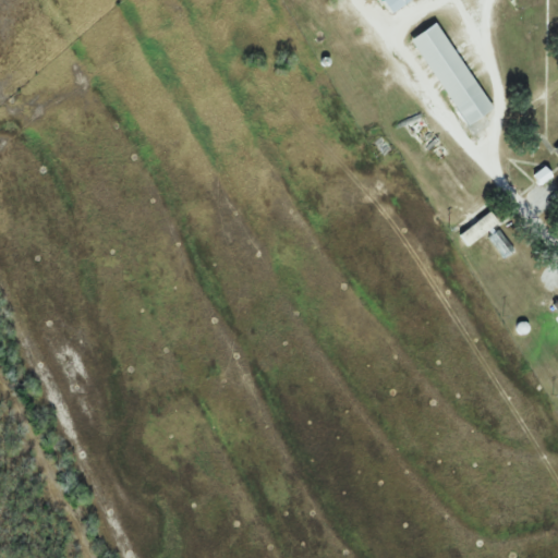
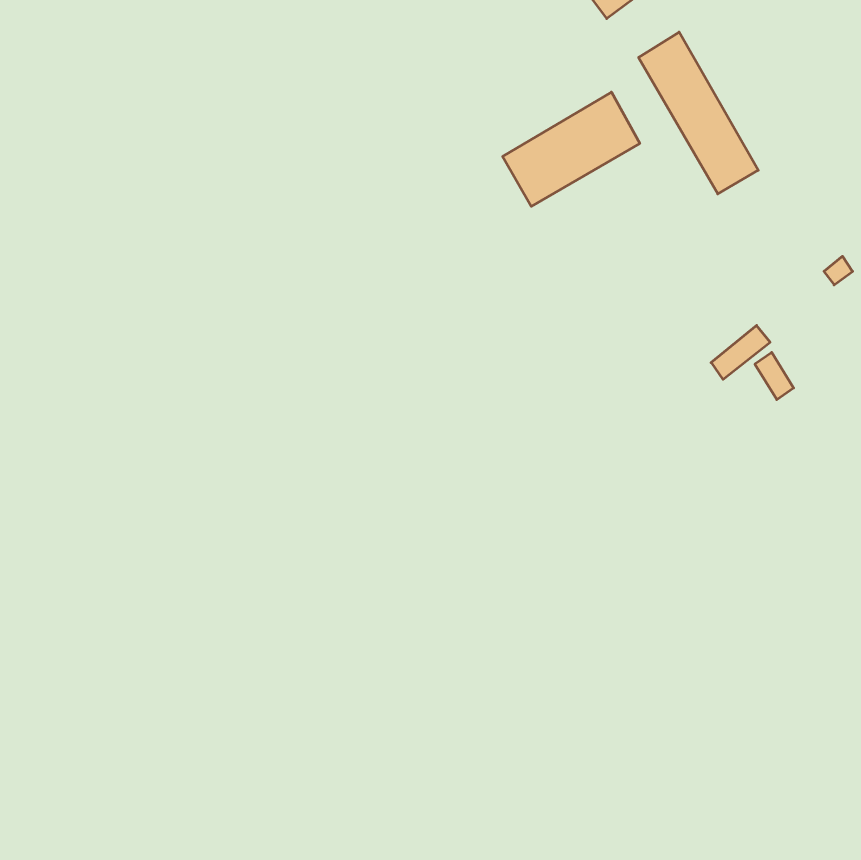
building: none -> [503,92,640,206]

